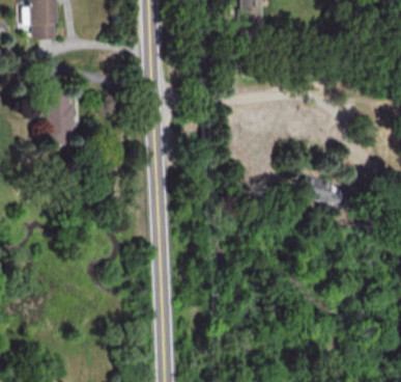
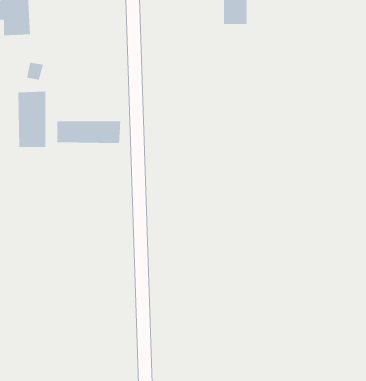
building: none -> [57,121,121,144]
building: [300,174,342,204] -> none

